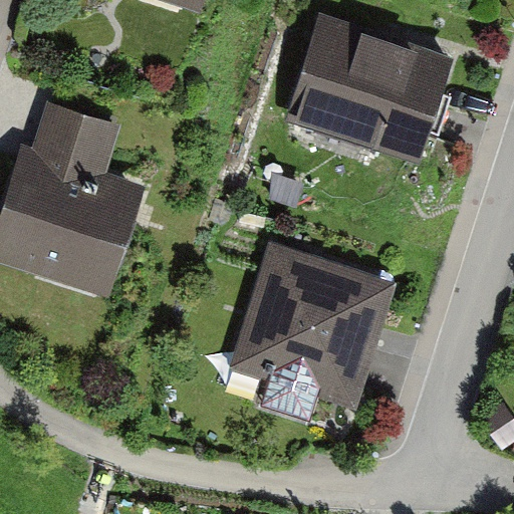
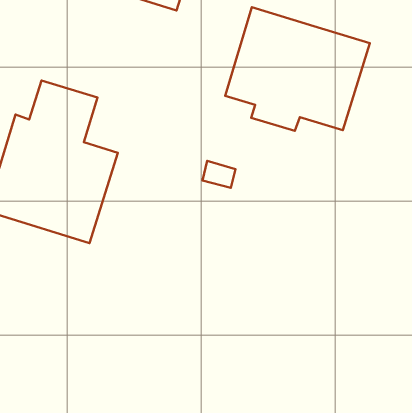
building: [227,239,393,424] -> none

